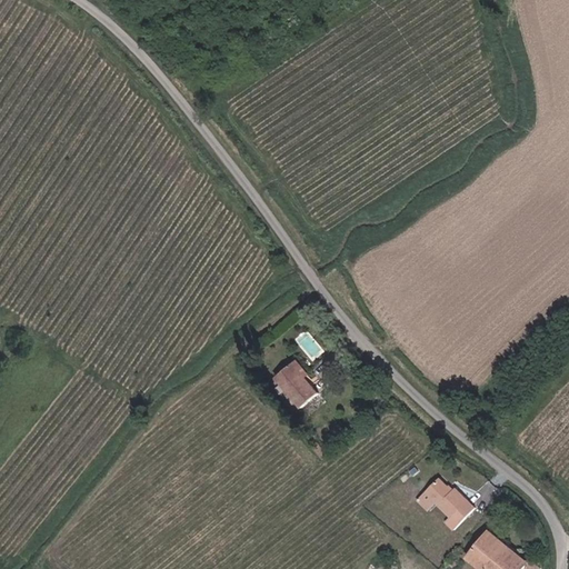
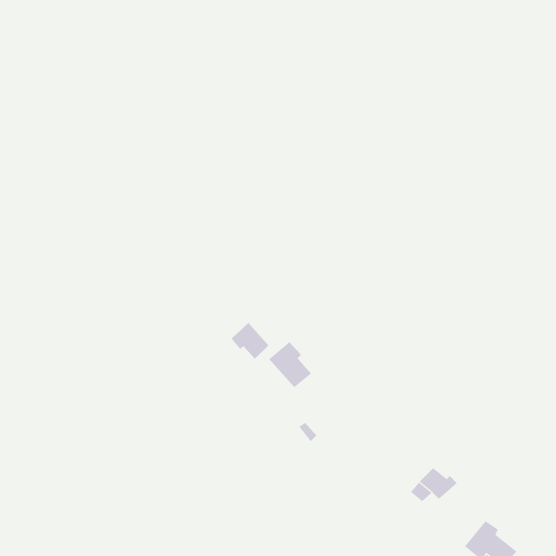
building: none -> [231,322,269,359]
building: [441,495,475,530] -> none

